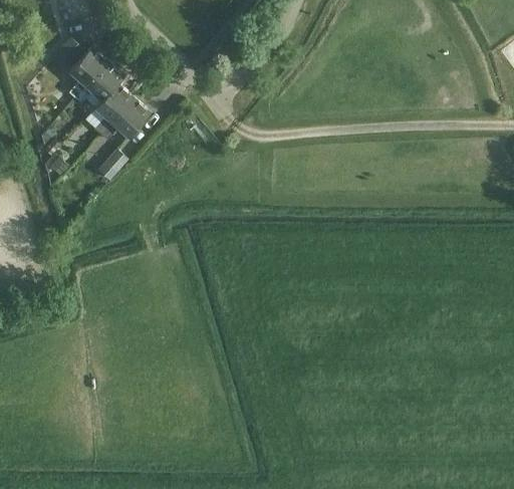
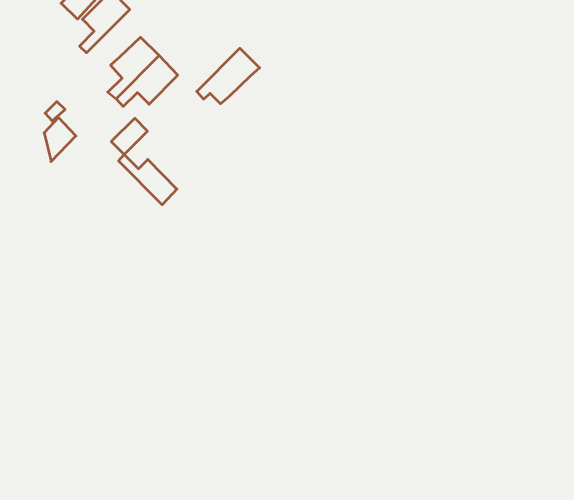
building: [74,60,124,106] -> [197,48,260,104]
building: none -> [119,155,177,205]

